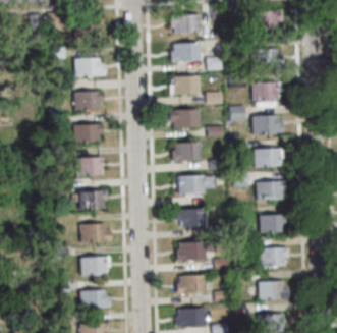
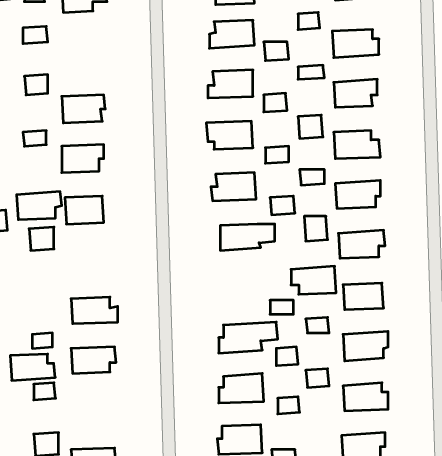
building: [74,57,105,76] -> none
building: [78,190,108,209] -> [17,192,62,220]
building: [176,208,206,226] -> [291,266,336,294]
building: [80,290,110,308] -> [10,354,55,380]

